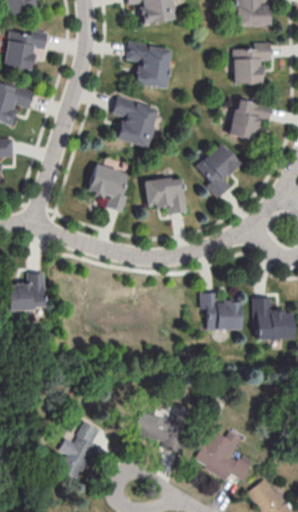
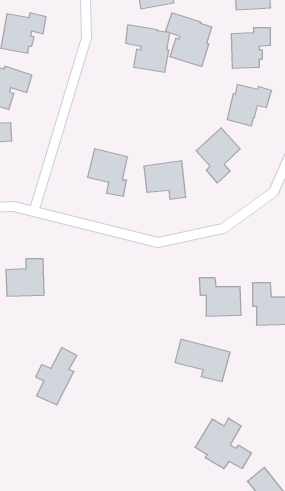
building: [112,95,158,148] -> [166,13,212,66]
building: [136,411,191,453] -> [175,339,230,382]
building: [60,421,101,478] -> [36,347,77,405]

